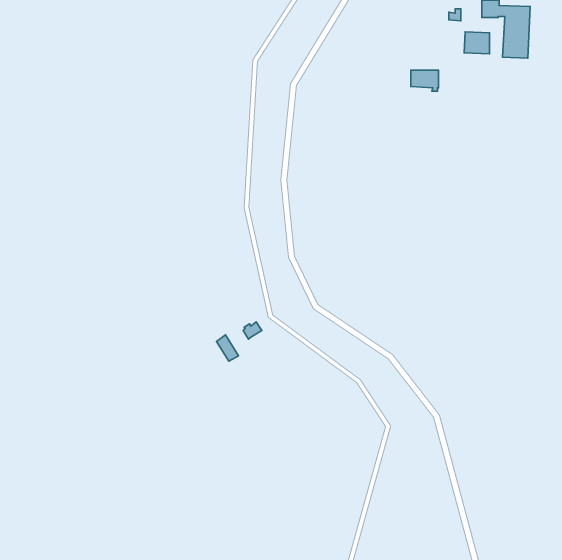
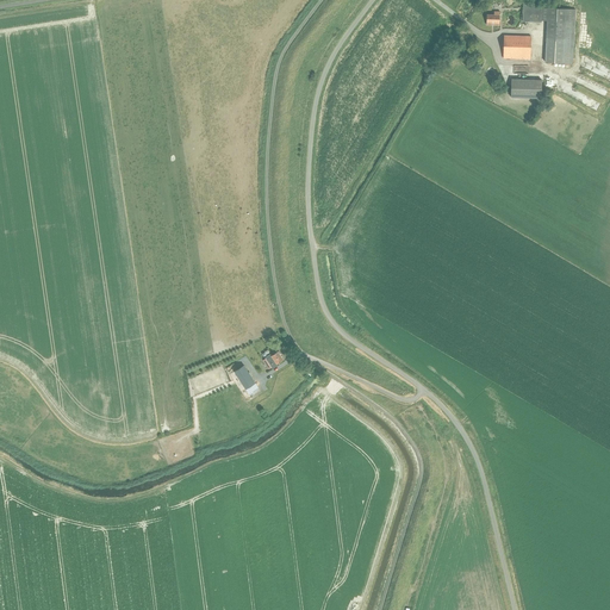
building: [411,70,438,91] -> [511,79,541,101]

